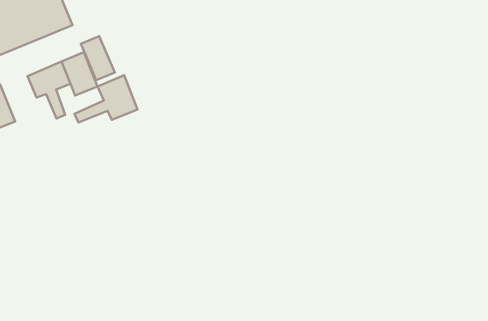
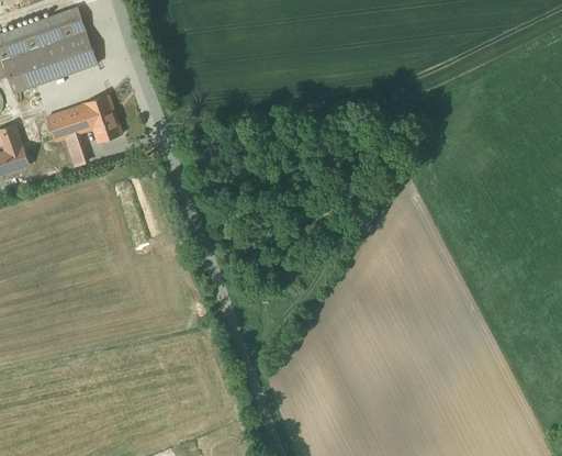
building: [81,36,115,80] -> none
building: [75,75,138,123] -> none

